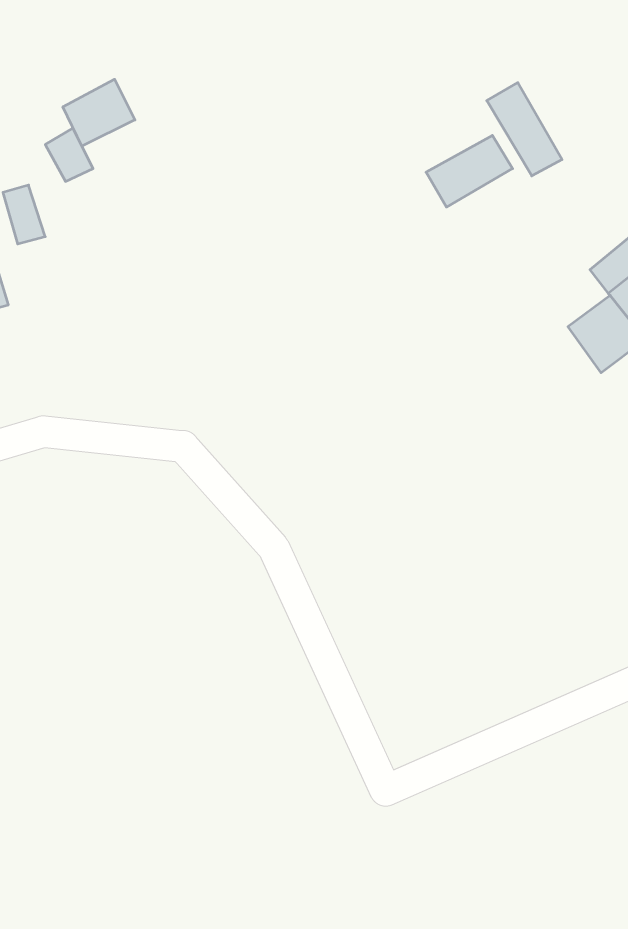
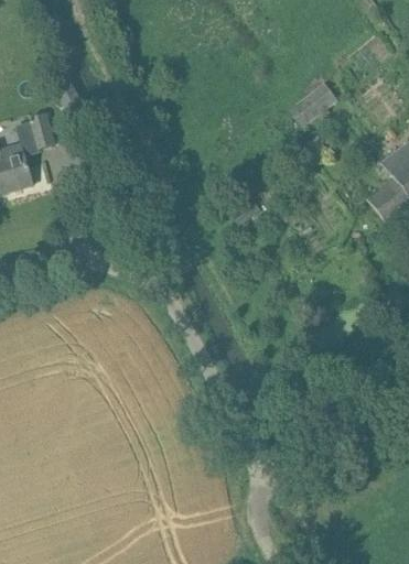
building: [63,79,135,146] -> none
building: [487,83,562,176] -> none

